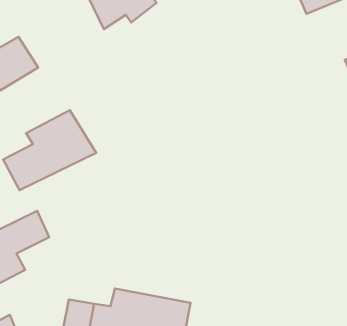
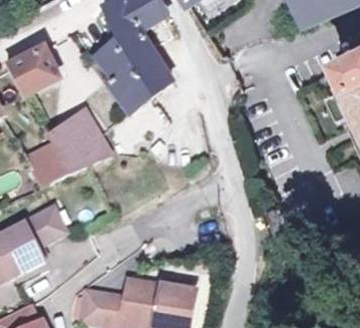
building: none -> [93,26,172,113]

